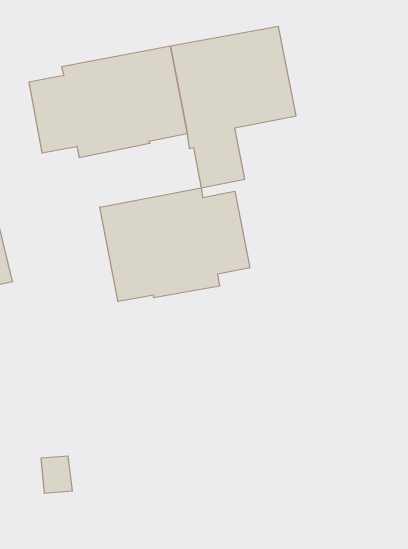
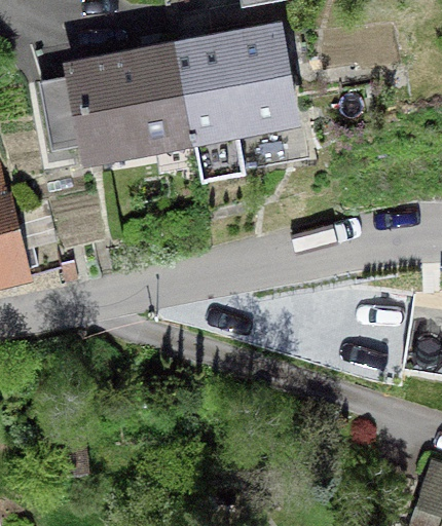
building: [100,188,250,302] -> none

